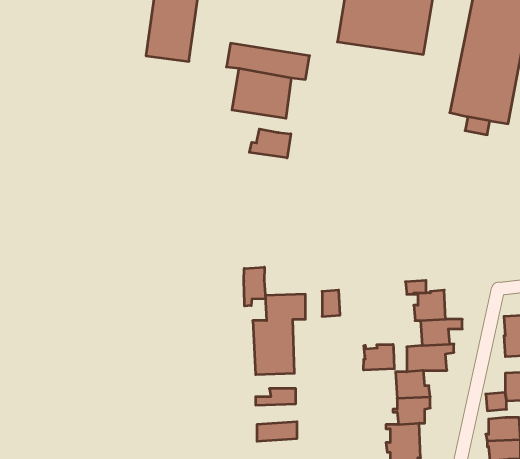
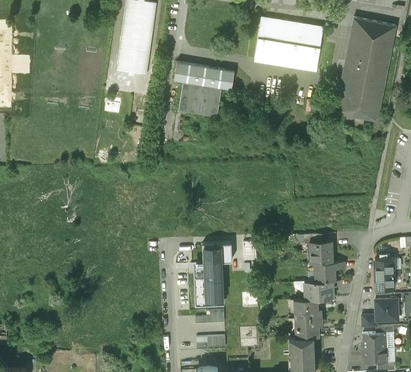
building: [249,129,291,158] -> none
building: [244,267,265,306] -> none
building: [364,344,394,370] -> none

